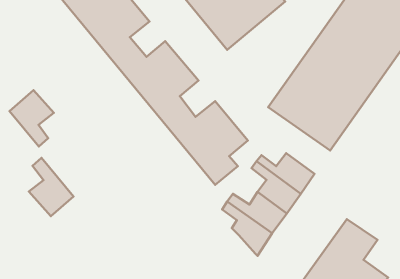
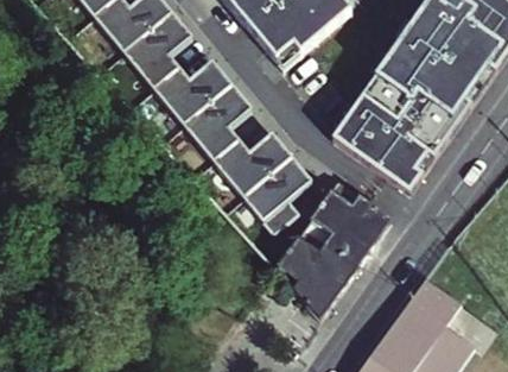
building: [9,90,54,147] -> none
building: [29,158,73,216] -> none

